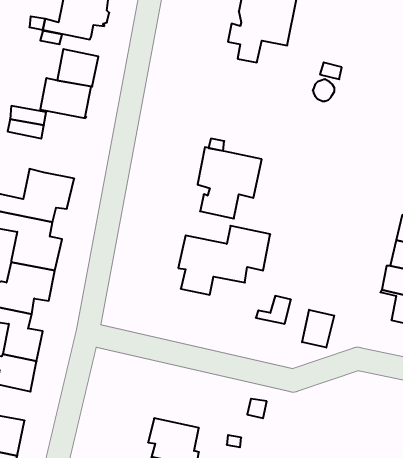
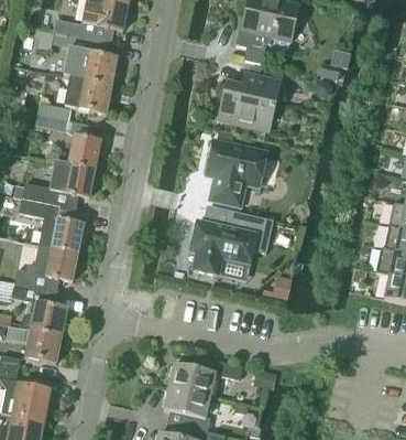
building: none -> [219,73,278,129]
building: none -> [67,136,100,169]
building: [302,310,334,348] -> none
building: none -> [167,353,241,396]

